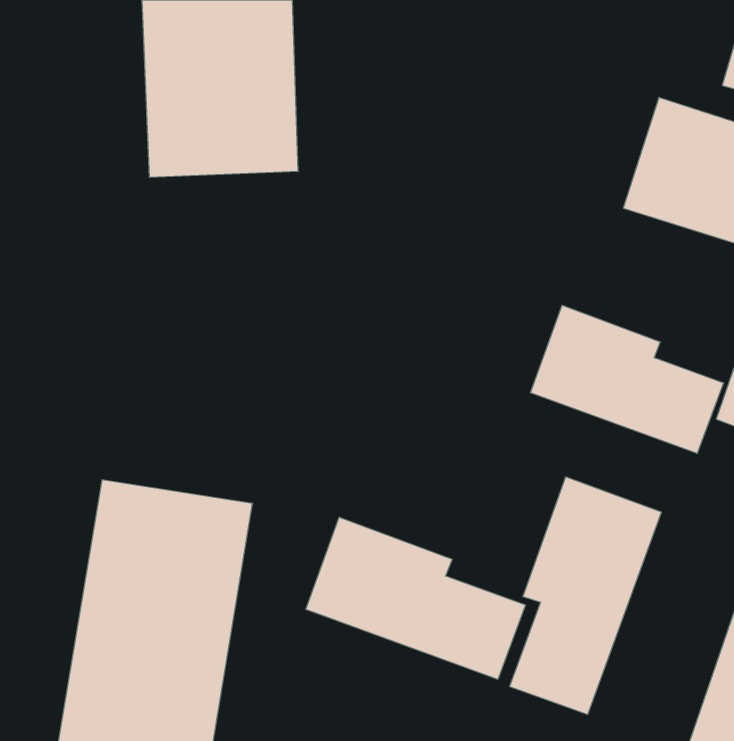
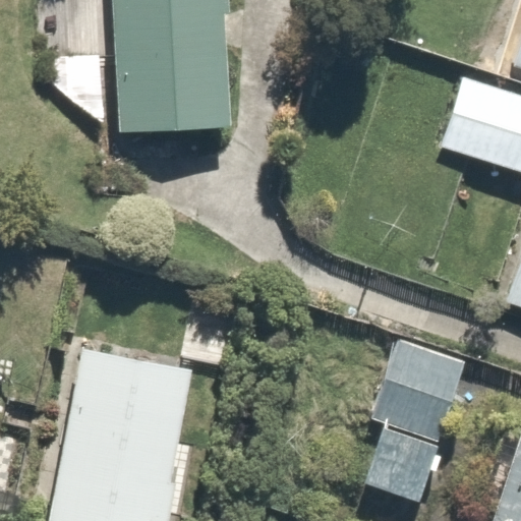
building: [531,305,724,454] -> none
building: [306,517,526,679] -> none

